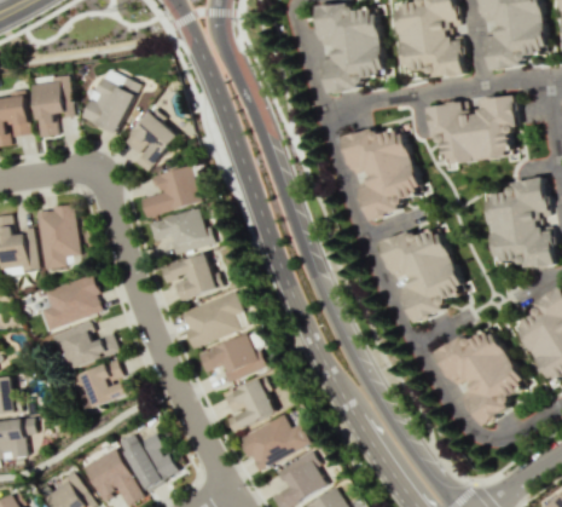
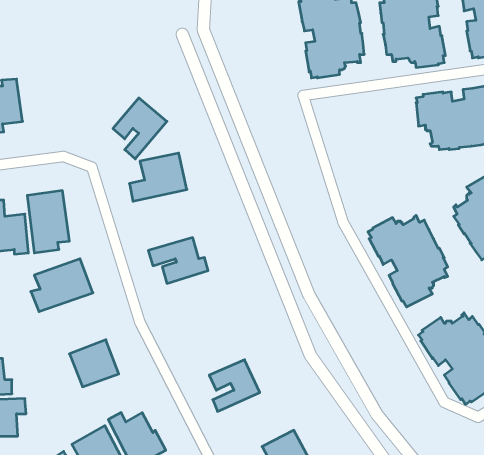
building: [82,69,139,134] -> none
building: [31,75,73,138] -> none
building: [348,125,424,218] -> none
building: [147,208,210,254] -> none
building: [179,293,247,348] -> none
building: [53,323,117,370] -> none
building: [196,334,261,382] -> none
building: [238,416,307,471] -> none

